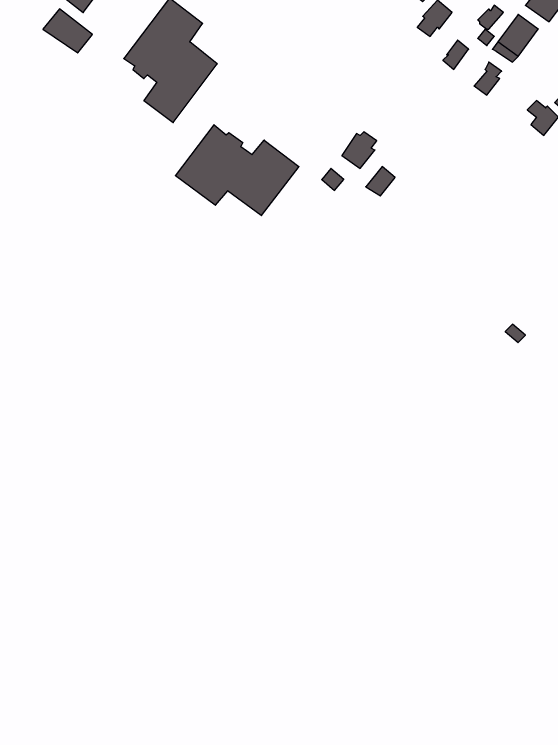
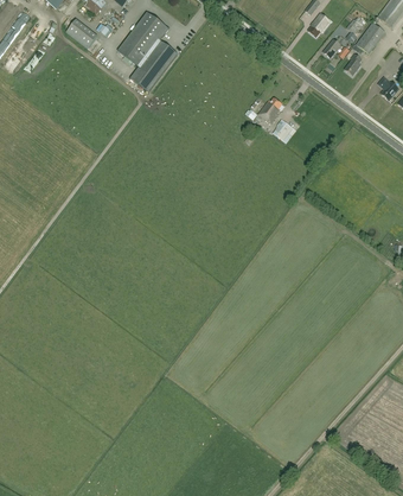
building: [175,125,299,216] -> none

